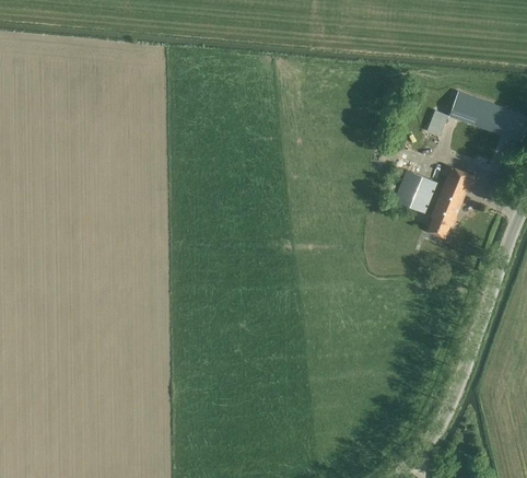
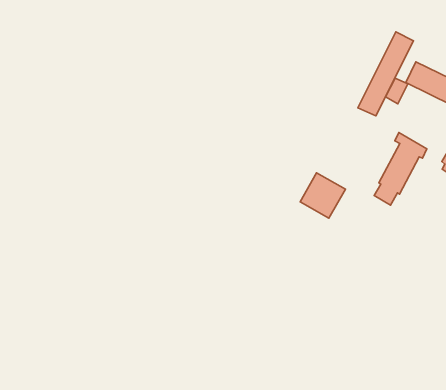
building: none -> [358,32,413,116]
building: [395,170,438,213] -> [300,173,345,218]

